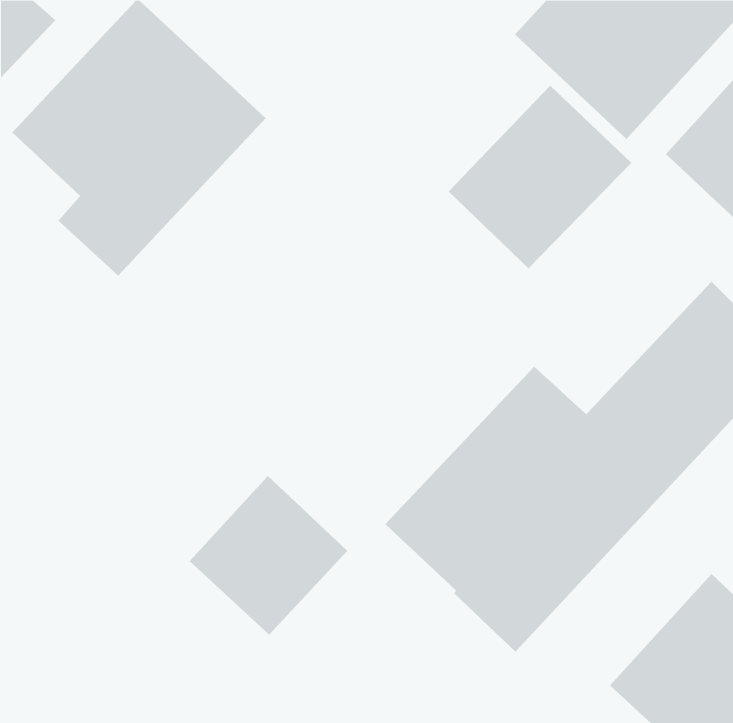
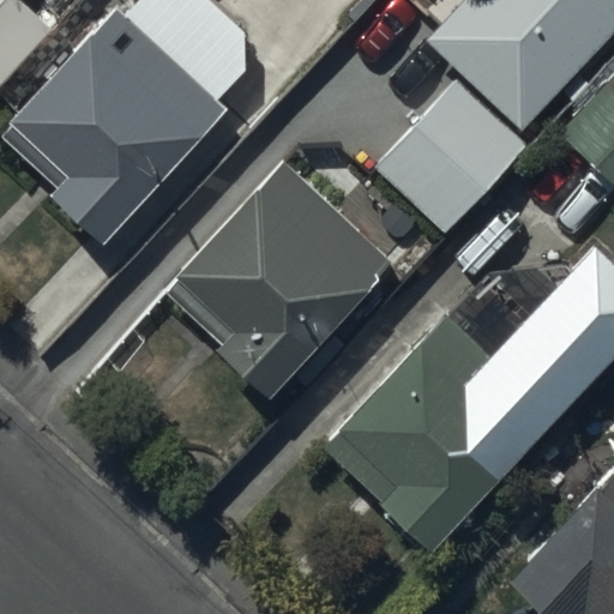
building: none -> [168,159,396,397]
building: [189,475,348,635] -> none

